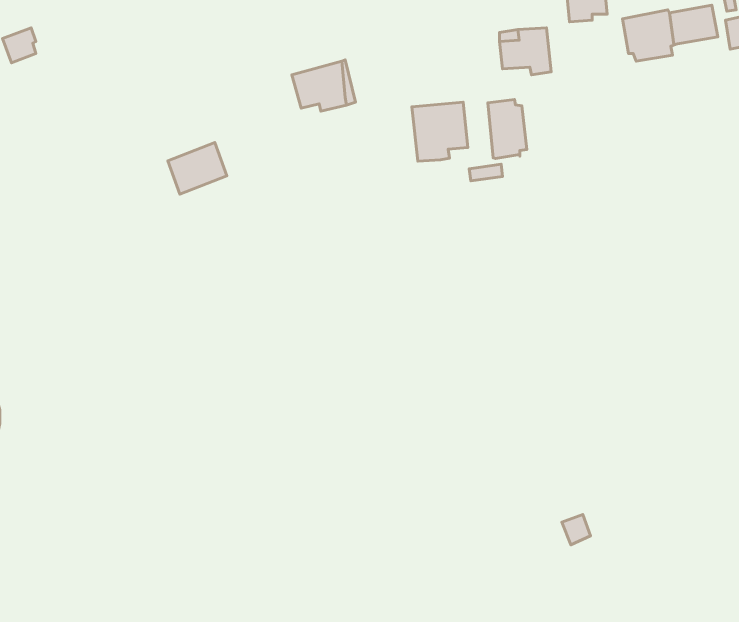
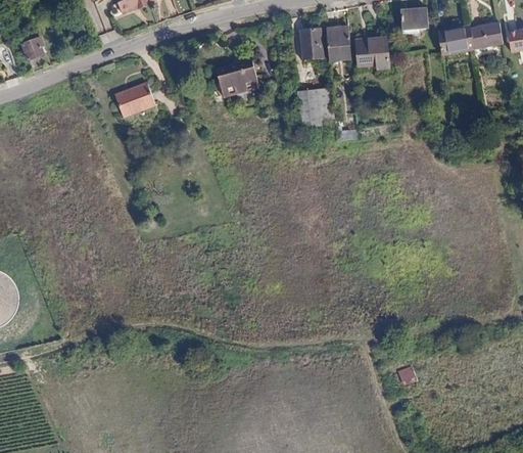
building: none -> [326,26,350,60]
building: none -> [300,28,323,59]
building: [488,99,527,159] -> none
building: [168,143,227,194] -> [114,82,154,117]

